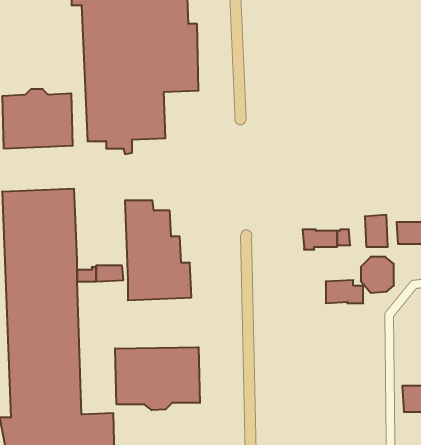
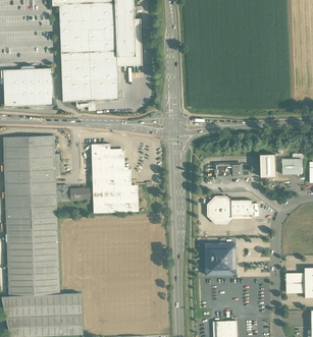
building: [361,257,394,293] -> [207,198,230,223]
building: none -> [204,243,234,275]
building: [115,347,200,410] -> none

